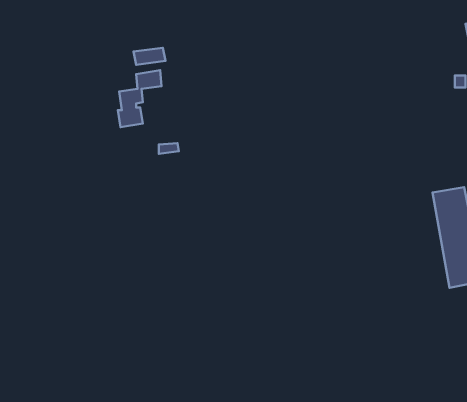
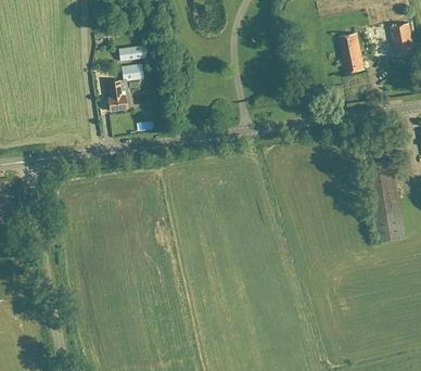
building: none -> [340,34,362,72]

